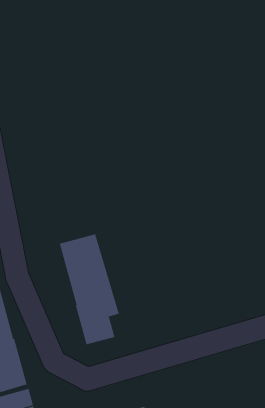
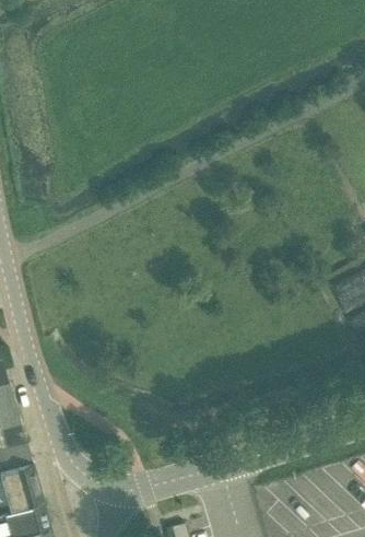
building: [59,233,120,345] -> none

